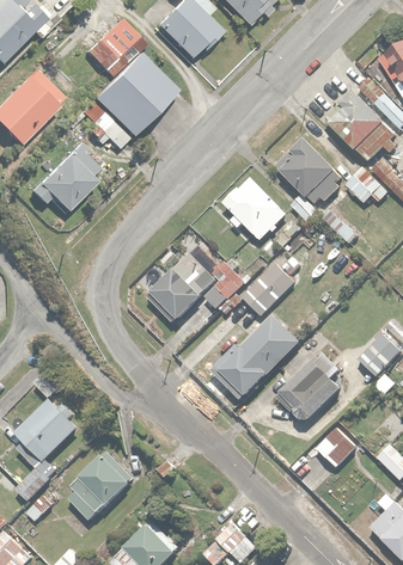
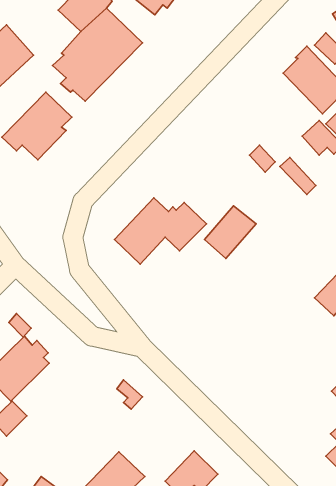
building: [277,136,344,207] -> none
building: [221,178,287,241] -> none
building: [209,314,300,400] -> none
building: [277,351,341,423] -> none
building: [313,425,356,468] -> none
building: [69,453,135,523] -> none

